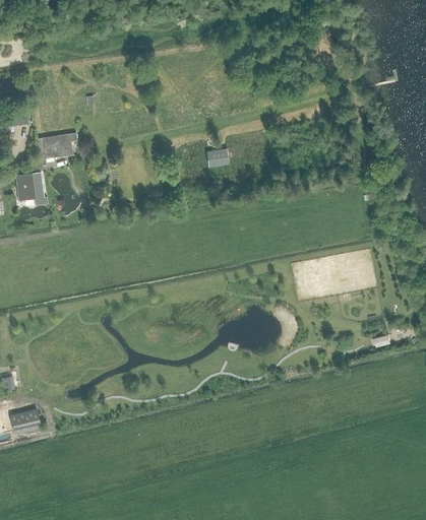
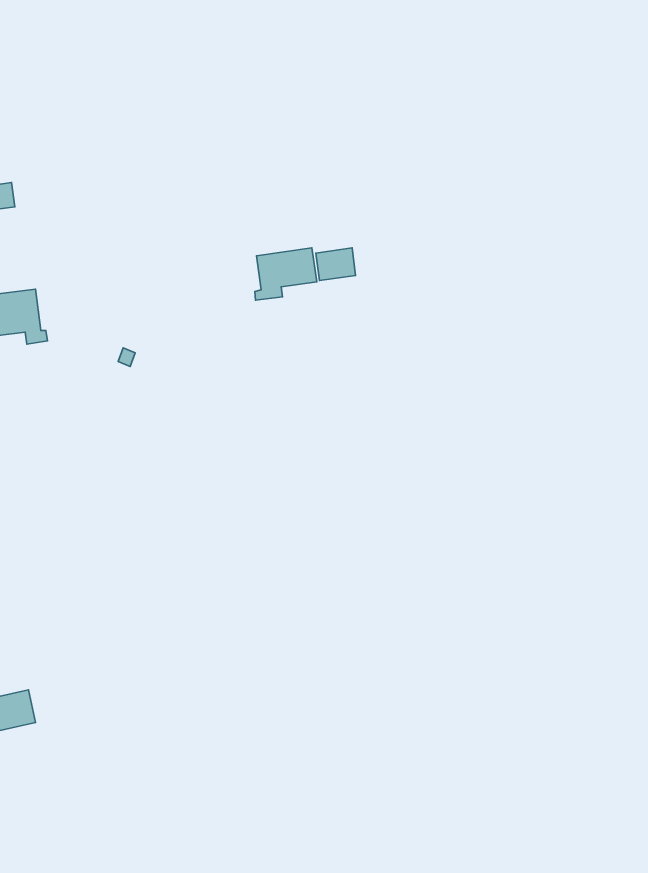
building: [37,132,76,162] -> none
building: none -> [255,248,317,300]

